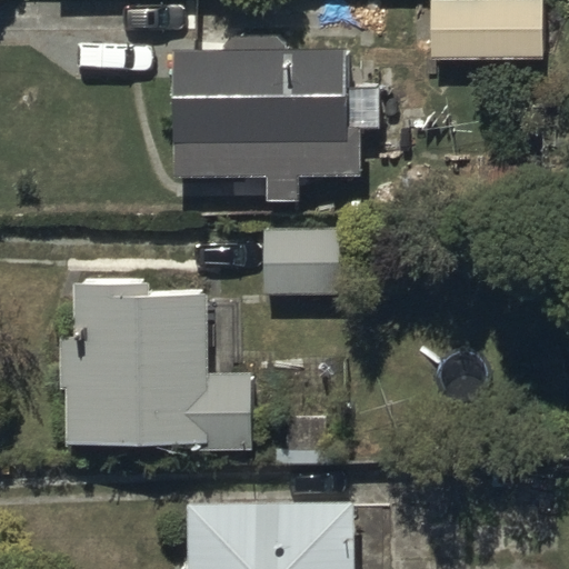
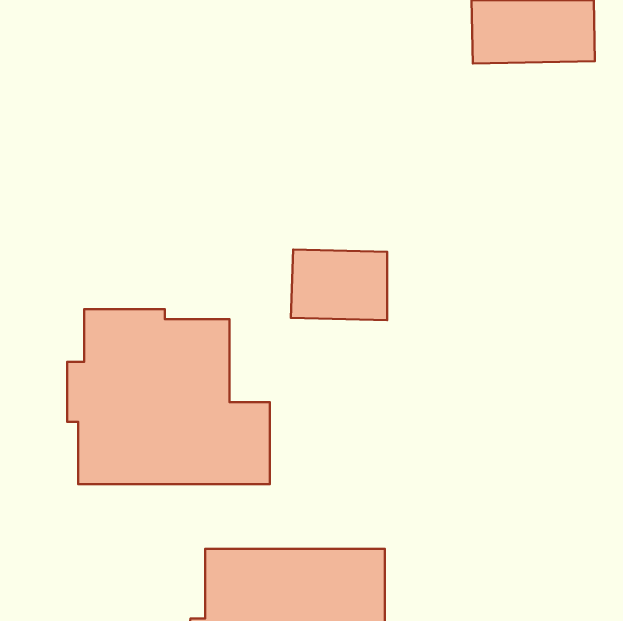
building: [171,47,378,202] -> none

